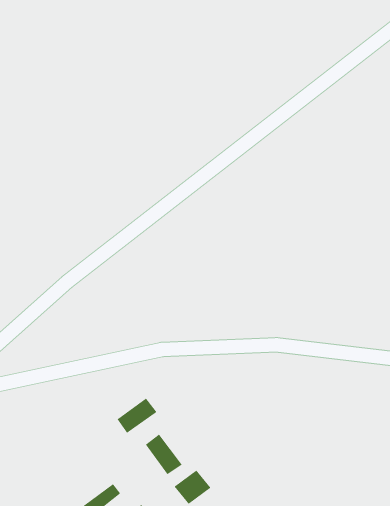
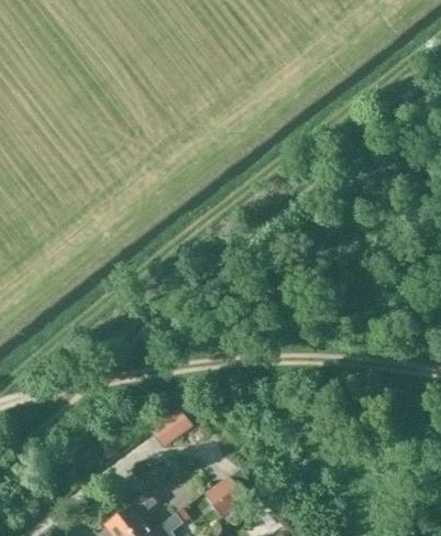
building: [145,433,183,475] -> none

